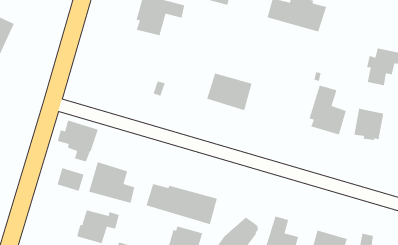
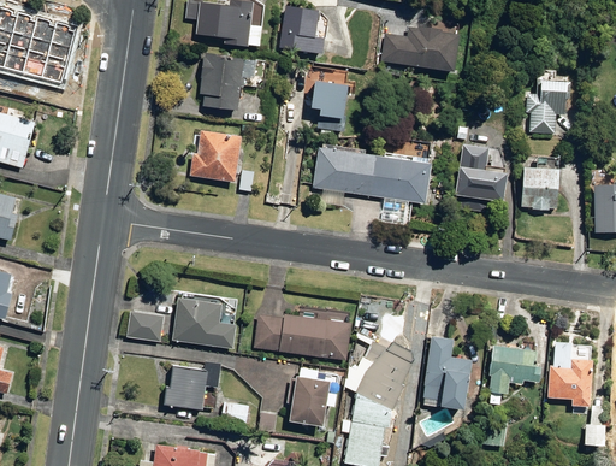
building: none -> [315,81,351,132]
building: none -> [191,132,242,183]
building: none -> [369,157,433,203]
building: [57,120,99,163] -> none

